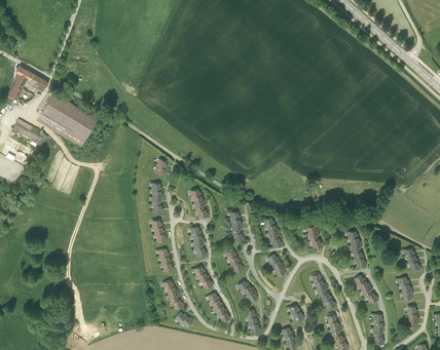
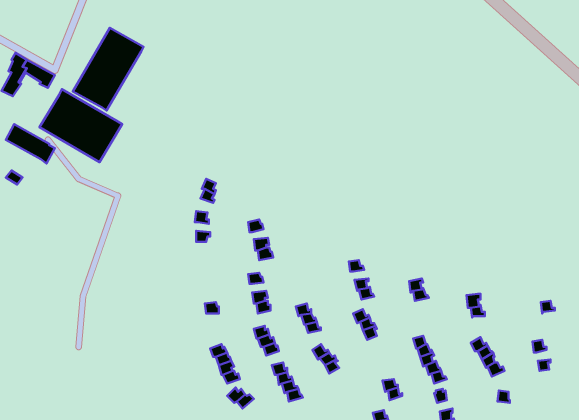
building: none -> [73,28,144,111]

